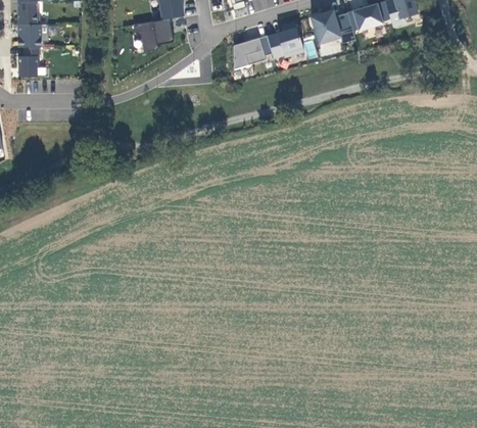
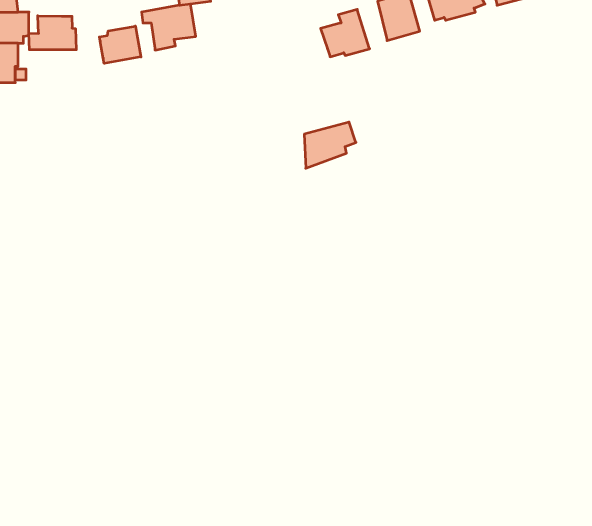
building: none -> [29,16,76,50]
building: none -> [99,26,141,63]
building: [233,36,272,70] -> [304,122,356,168]

